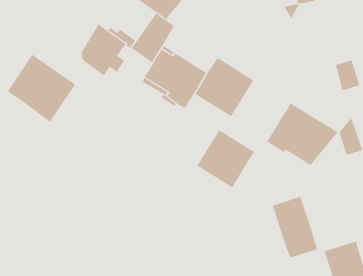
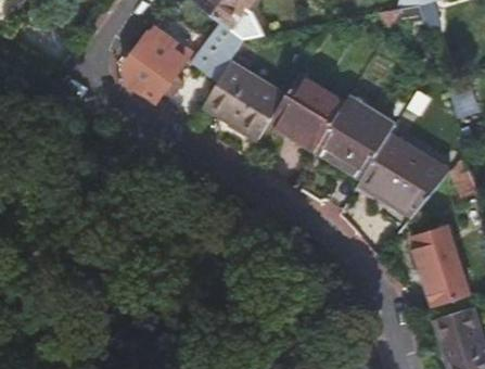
building: [7,54,76,122] -> none
building: [196,129,255,188] -> [317,104,391,178]
building: [272,196,318,258] -> [411,225,469,303]

